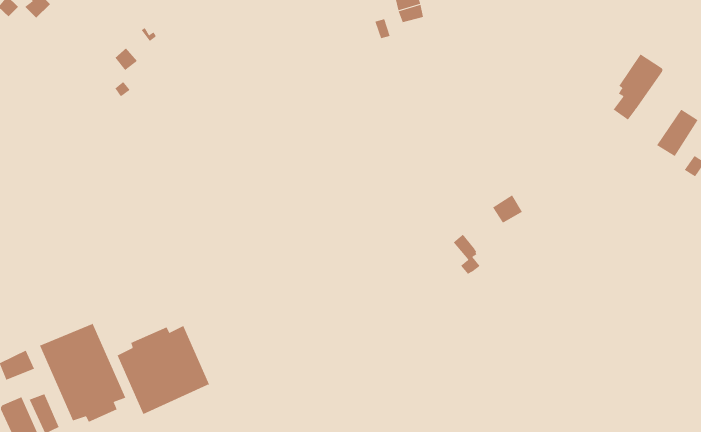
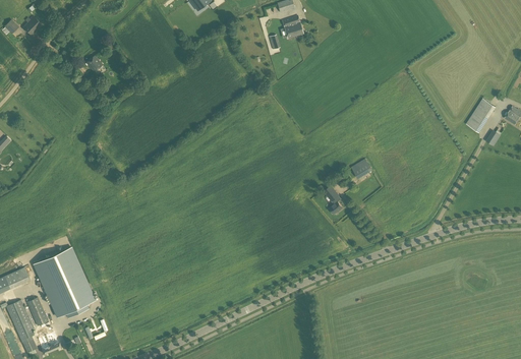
building: [613,53,663,121] -> none
building: [117,325,210,415] -> none

